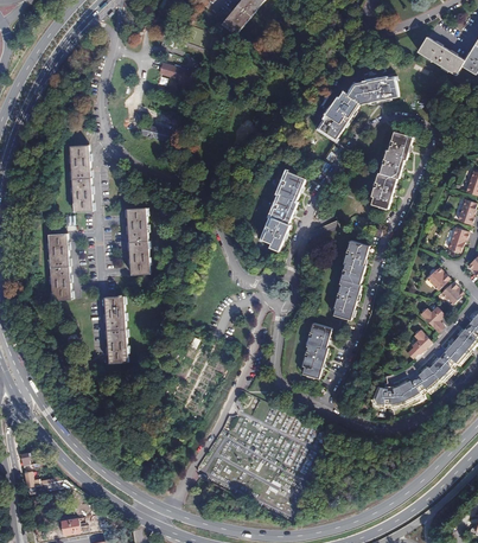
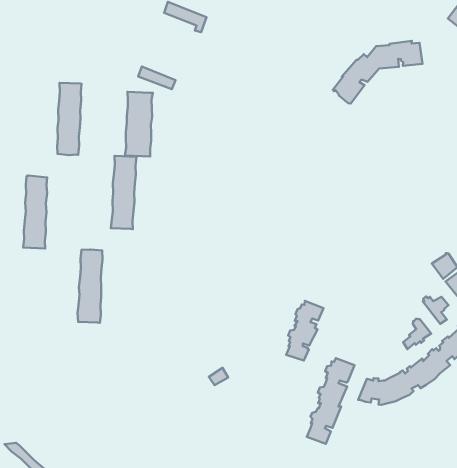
building: [370,130,412,209] -> none
building: none -> [125,92,153,157]
building: [265,171,307,251] -> none
building: [332,239,369,319] -> [307,358,355,444]

